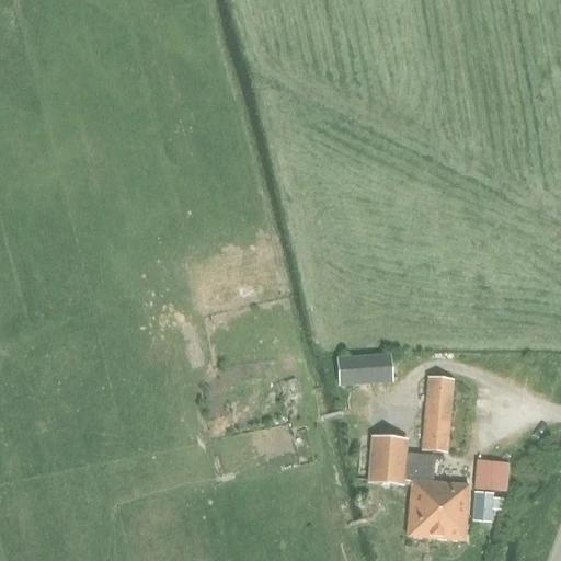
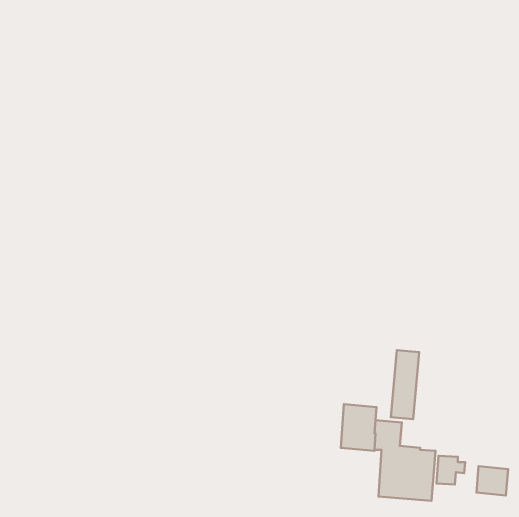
building: [336,352,391,385] -> none
building: [474,459,508,491] -> [476,466,508,496]

